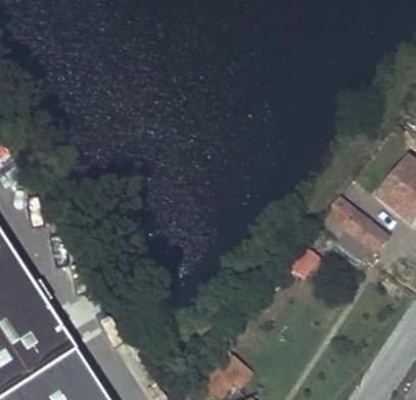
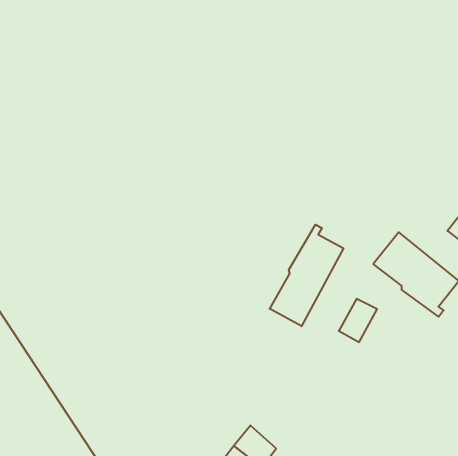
building: none -> [270,225,344,326]

